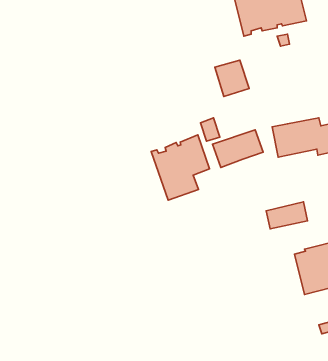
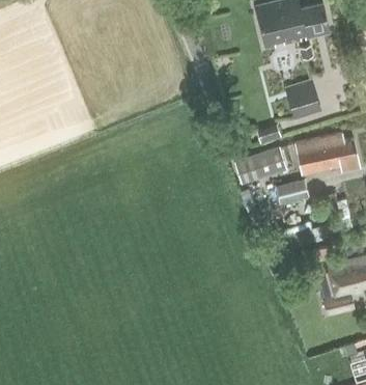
building: [215,60,249,97] -> [285,81,320,118]
building: [151,135,210,200] -> none
building: none -> [273,177,306,202]

